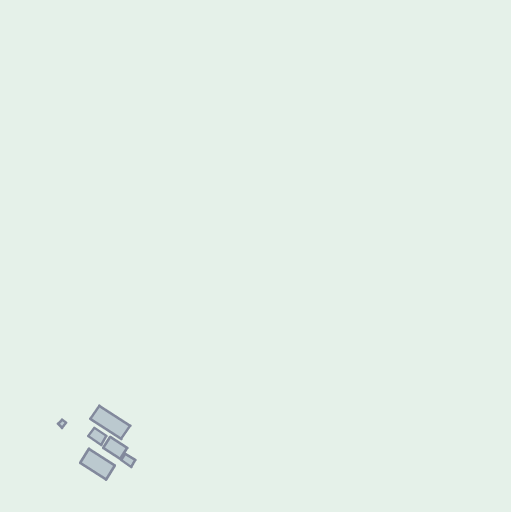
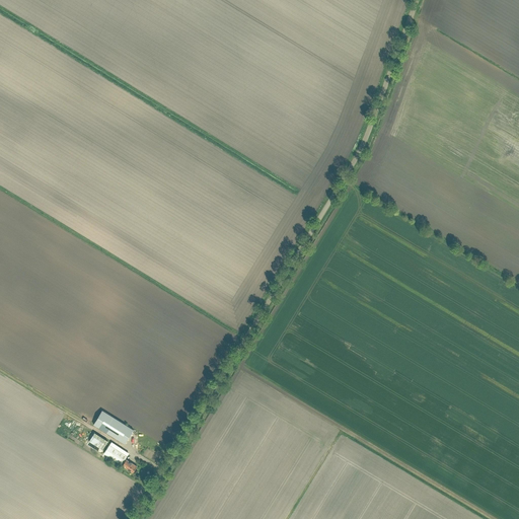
building: [80,449,115,480] -> none

